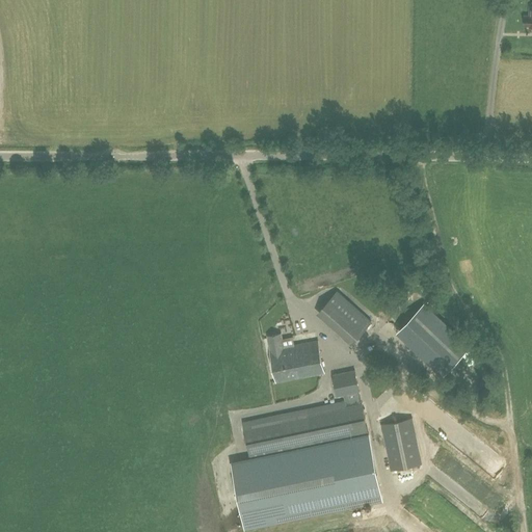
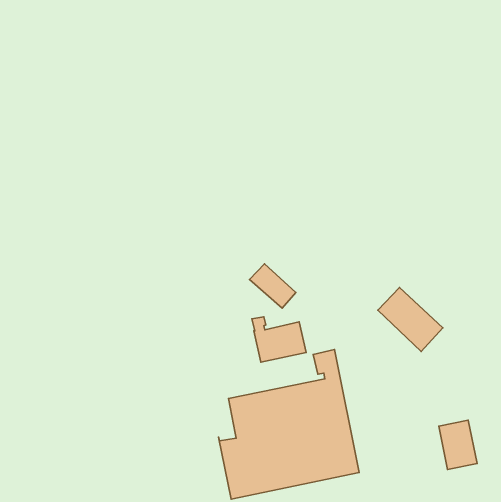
building: [320,292,369,339] -> [250,264,296,308]
building: [379,419,420,471] -> [439,420,477,470]

